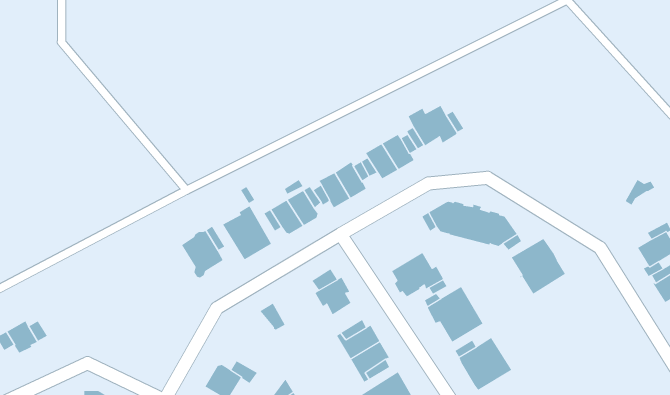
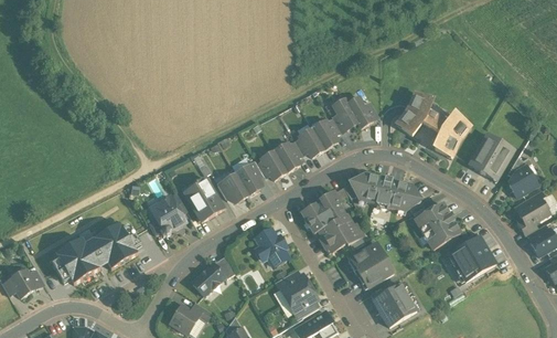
building: none -> [396,93,469,156]
building: none -> [471,134,512,177]
building: none -> [507,166,536,197]
building: none -> [301,191,344,233]
building: none -> [54,222,137,283]
building: none -> [449,236,494,279]
building: none -> [191,262,224,295]

